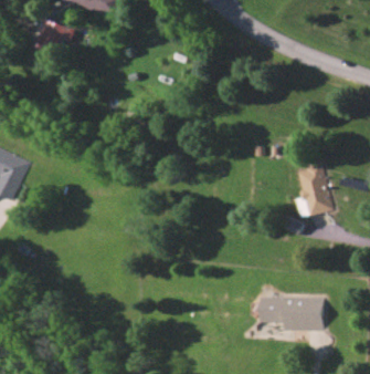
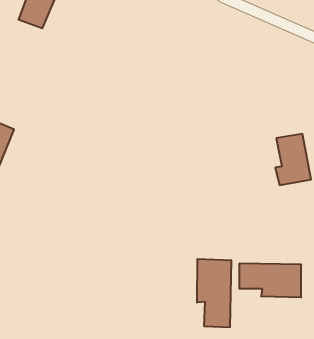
building: none -> [197,259,231,327]

